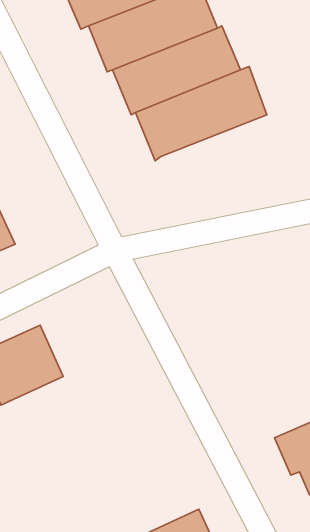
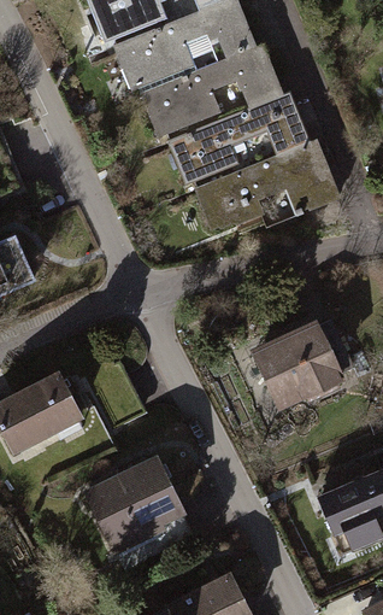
building: none -> [193,139,337,242]
building: none -> [246,322,344,412]
building: none -> [84,459,192,558]

